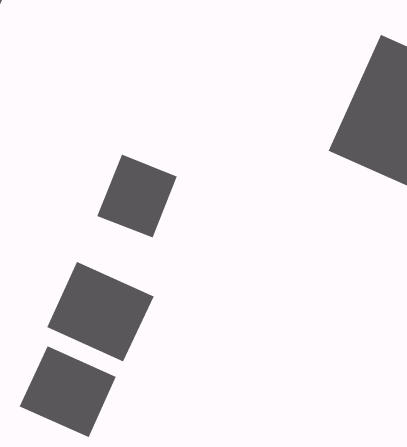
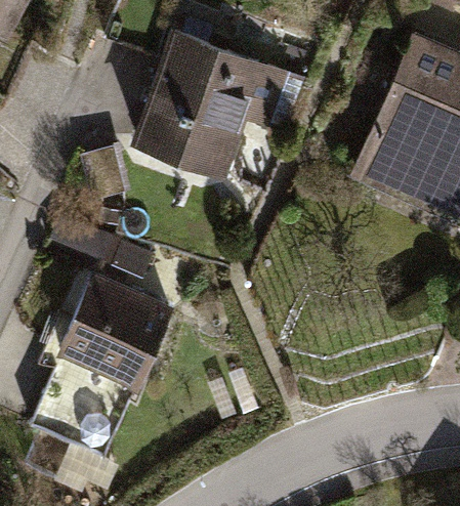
building: none -> [130,29,292,174]
building: [96,154,178,238] -> none

